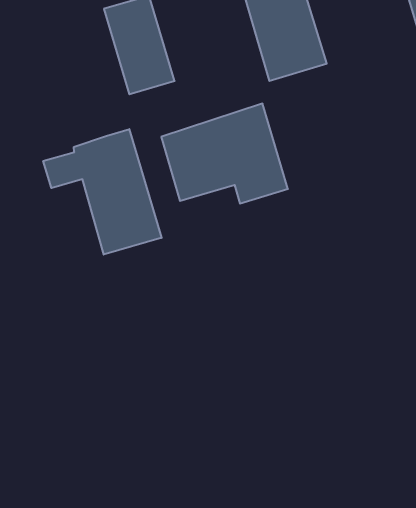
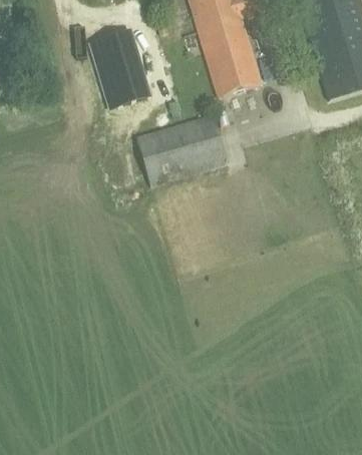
building: [43,129,162,255] -> none

